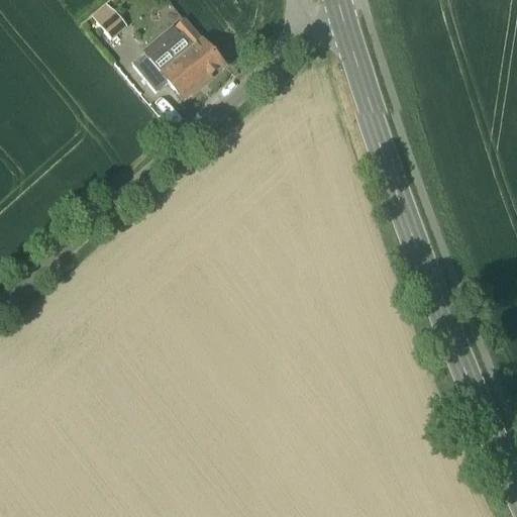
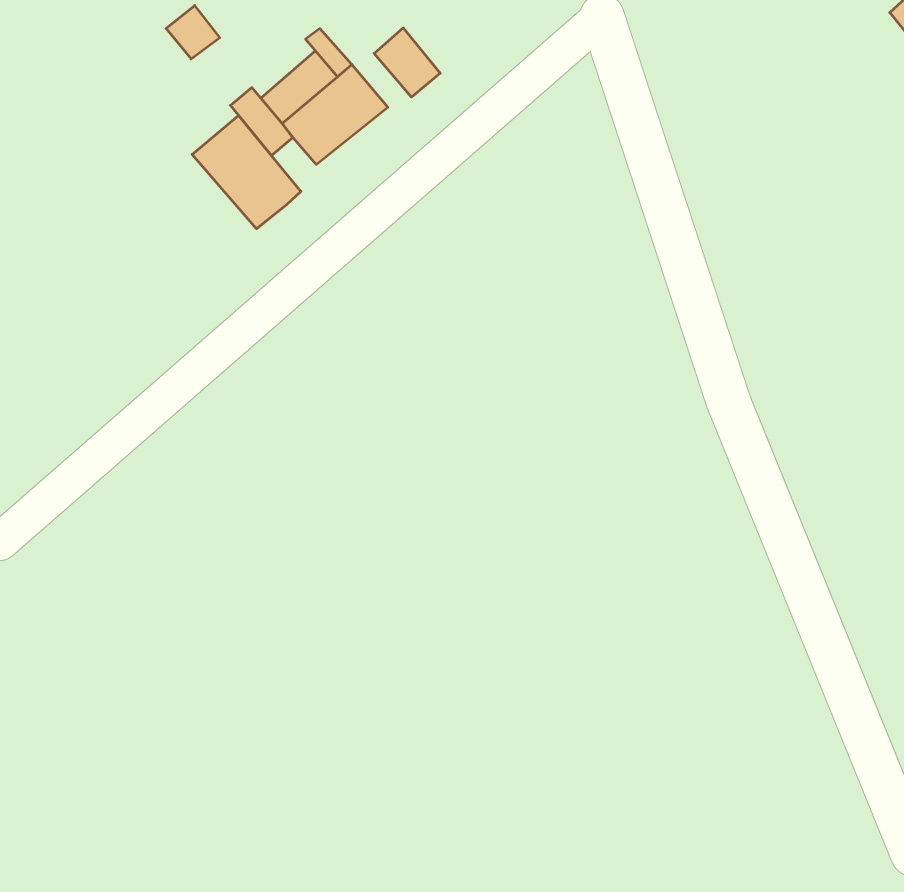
building: none -> [374,28,440,97]
building: none -> [192,115,301,229]

